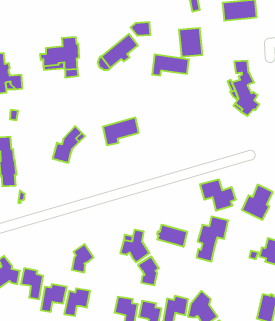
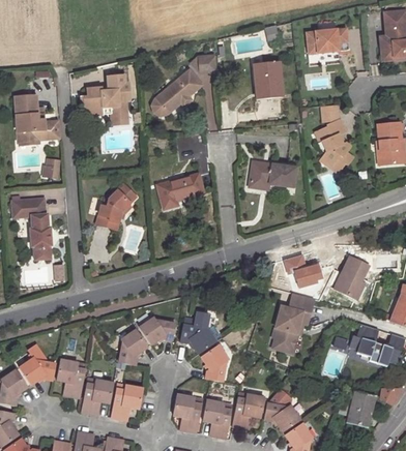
building: [152,54,189,75] -> [250,161,295,187]
building: [157,225,187,247] -> none
building: none -> [140,318,176,344]

